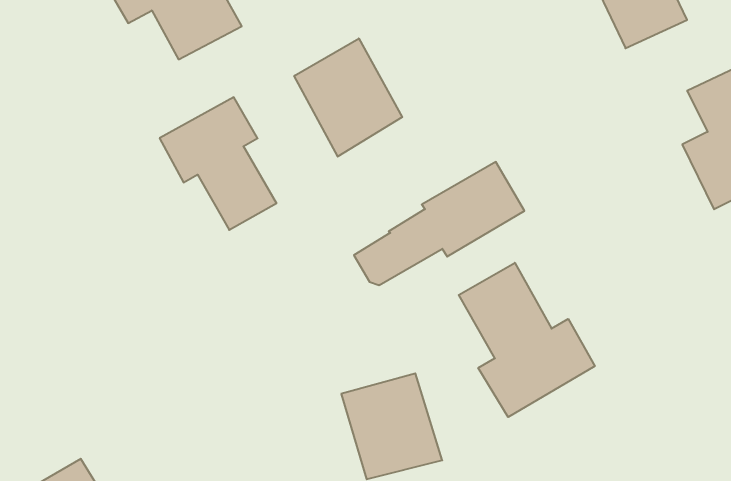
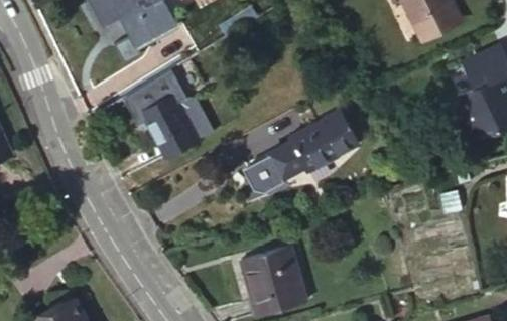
building: [294,38,402,157] -> none
building: [459,263,595,417] -> none

